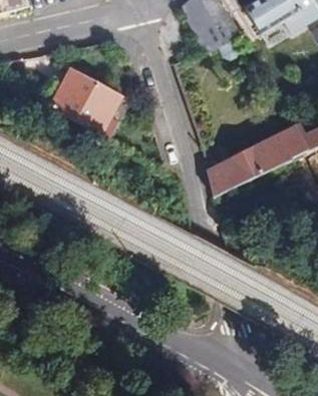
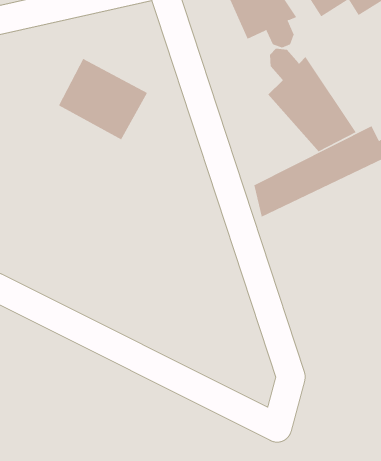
building: none -> [267,48,357,152]

